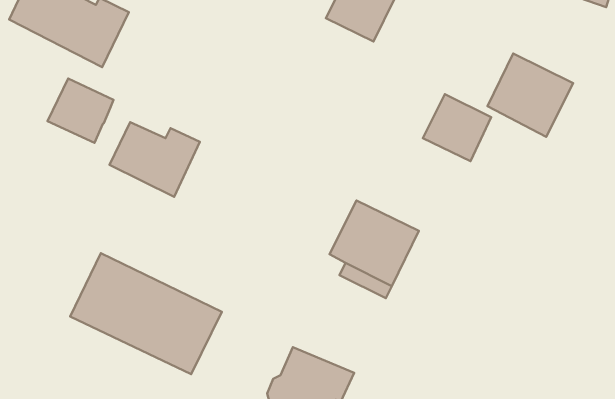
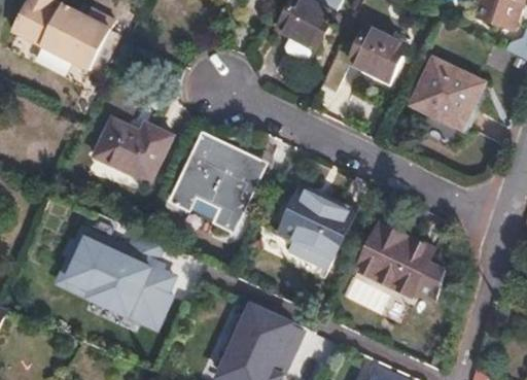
building: [48,78,113,143] -> none
building: [423,94,491,161] -> [348,26,406,82]
building: none -> [172,132,262,226]
building: none -> [356,220,445,298]

